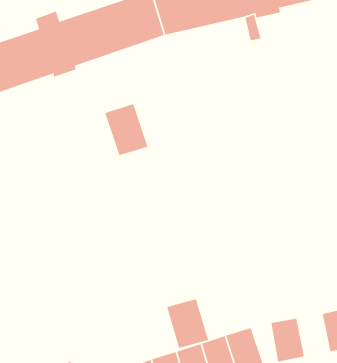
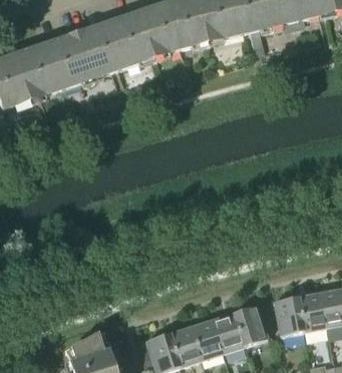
building: [104,103,149,156] -> none
building: [166,298,209,349] -> none
building: none -> [297,292,326,330]

